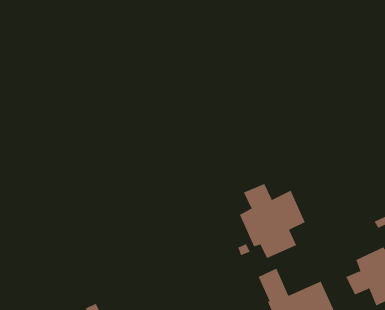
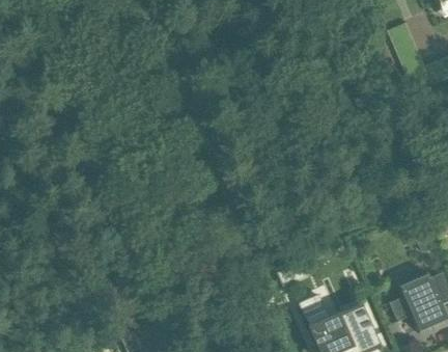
building: [239,183,306,259] -> none

